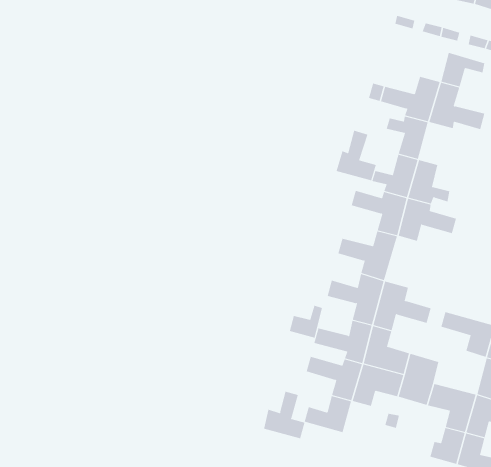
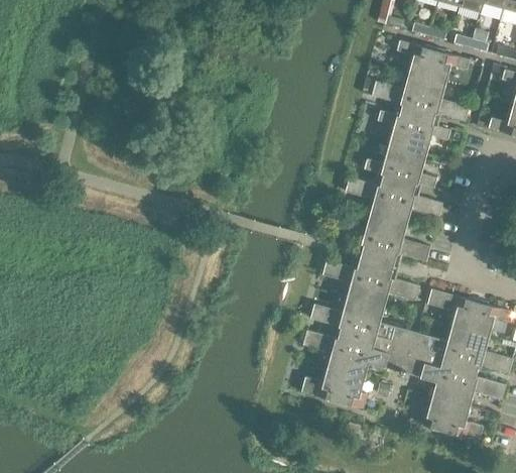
building: none -> [396,40,434,78]
building: none -> [407,115,449,154]
building: [336,130,376,181] -> none
building: none -> [376,220,430,267]
building: [289,305,323,339] -> none
building: none -> [421,326,470,366]
building: [264,391,305,439] -> none
building: none -> [338,372,366,408]

